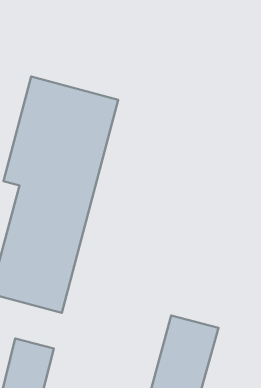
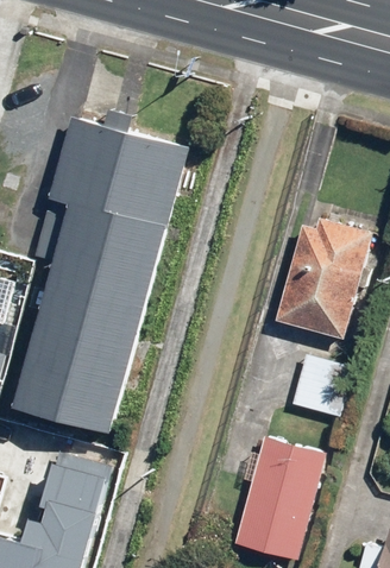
building: none -> [273,221,370,339]
building: none -> [285,354,347,416]

